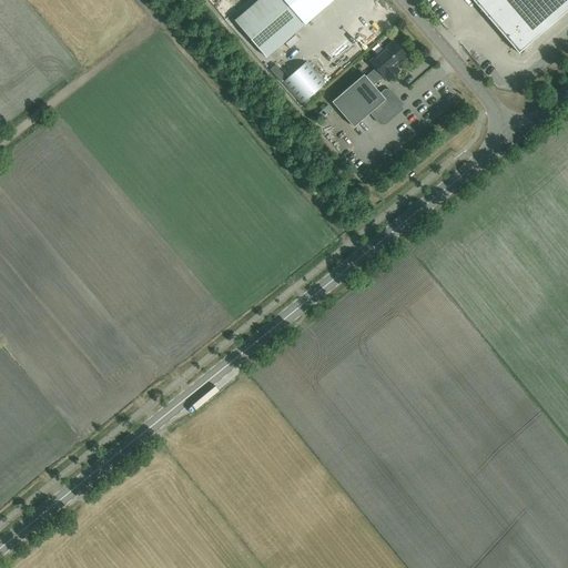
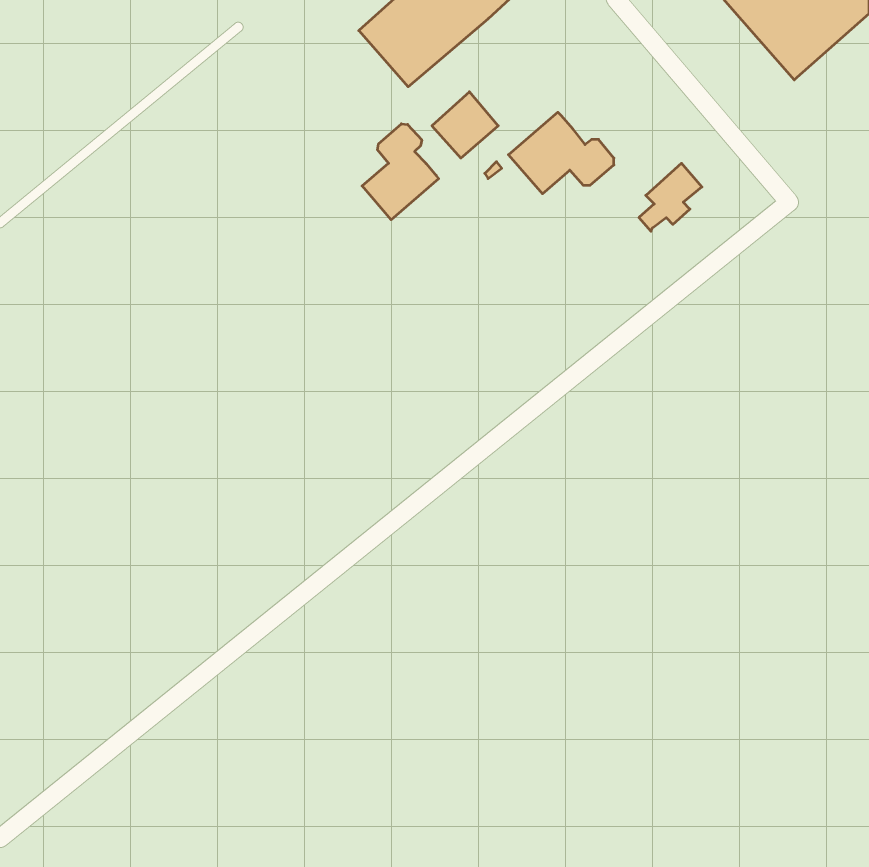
building: [366,40,407,84] -> [639,163,702,231]
building: none -> [362,124,439,220]

